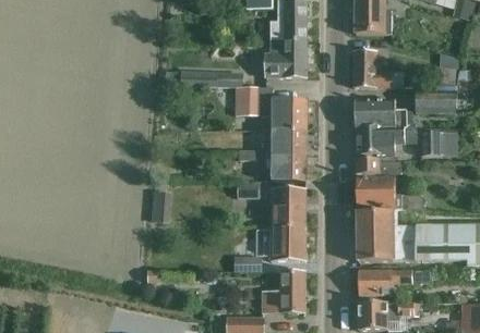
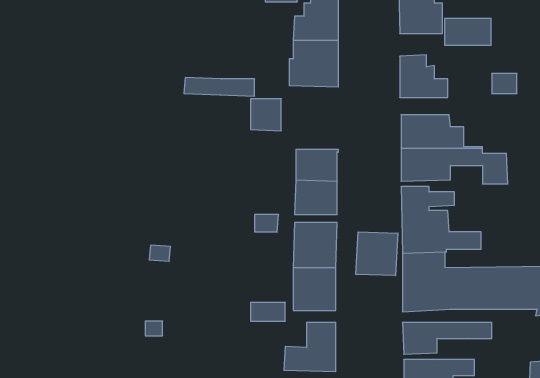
building: [416,91,454,113] -> [445,19,491,45]
building: [260,99,305,128] -> none
building: none -> [356,232,398,276]

